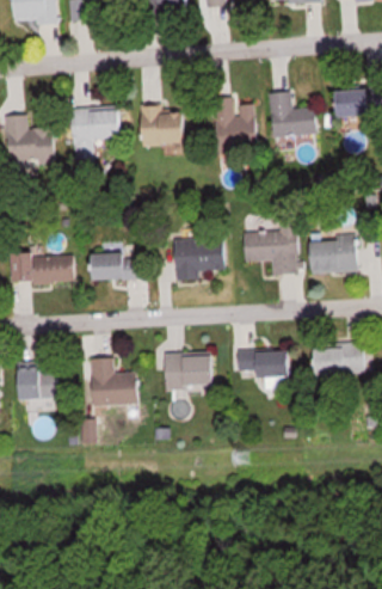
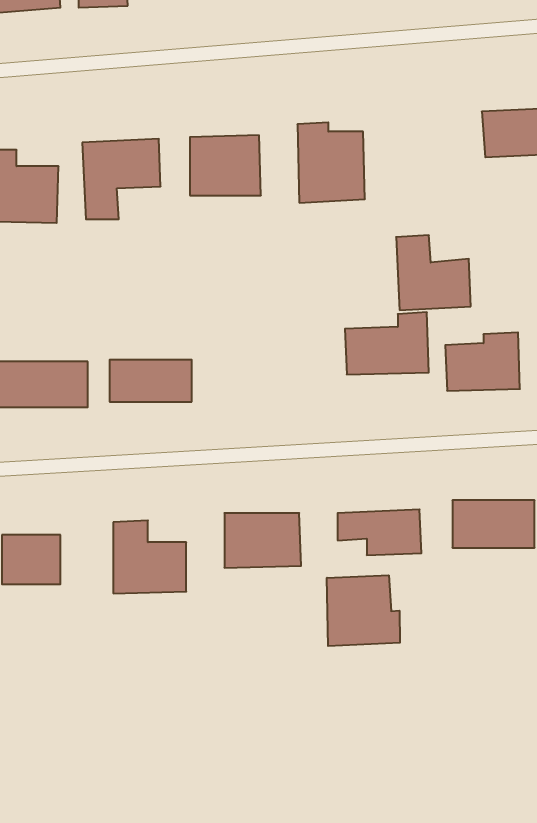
building: [269,92,318,141] -> [396,235,471,310]
building: [173,237,224,281] -> none
building: none -> [327,575,400,646]

